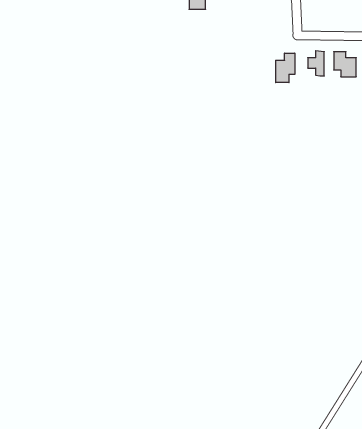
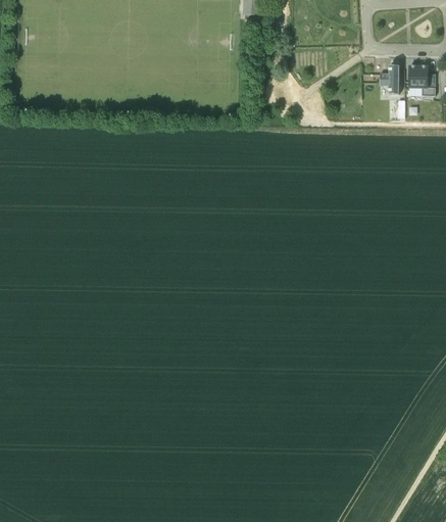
building: [276,53,295,83] -> none

